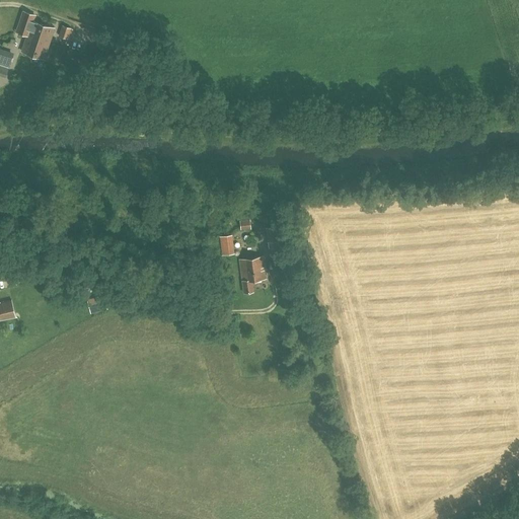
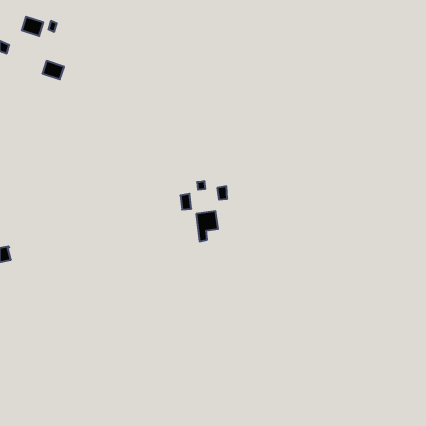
building: [21,38,48,60] -> [42,61,64,79]

